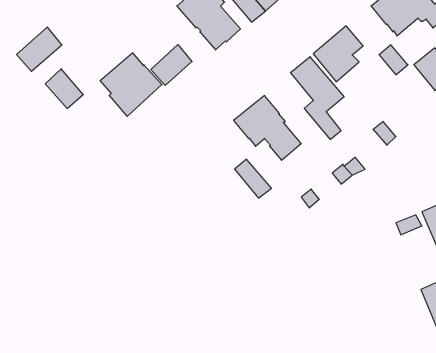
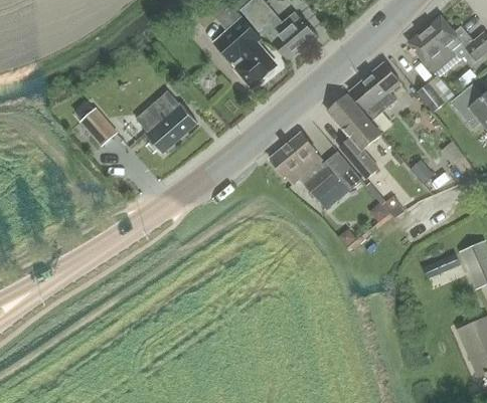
building: [17,27,62,71] -> none
building: [151,45,192,85] -> none
building: [235,159,271,198] -> [325,151,362,190]

